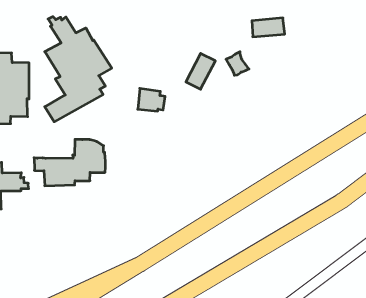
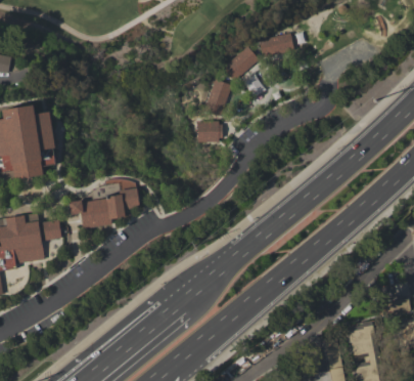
building: [45,17,112,122] -> none
building: none -> [224,46,258,79]
building: [138,88,165,111] -> [196,121,222,141]

